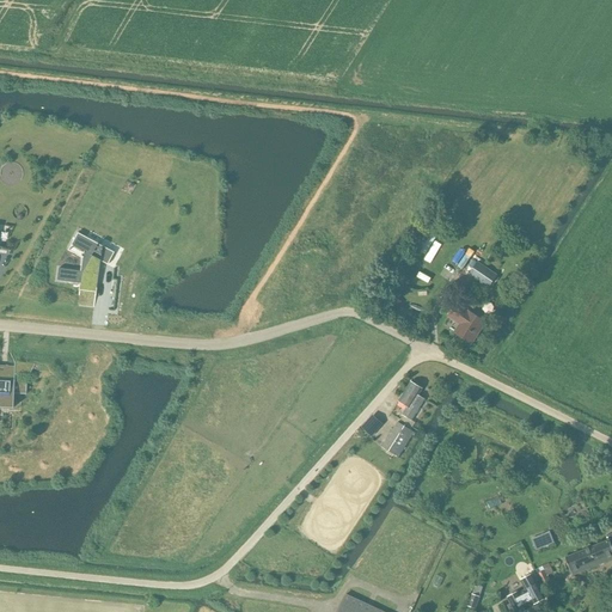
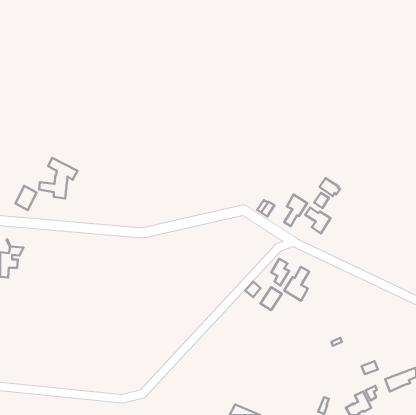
building: none -> [15,186,37,210]
building: none -> [284,195,307,226]
building: none -> [284,267,309,301]

